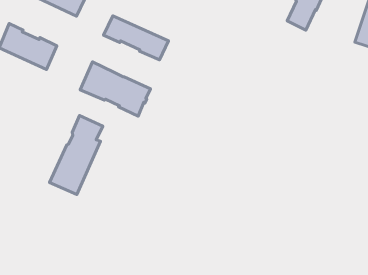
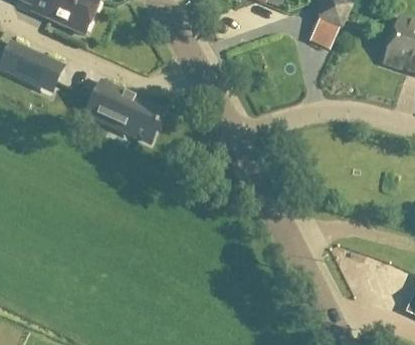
building: [103,16,168,60] -> none
building: [49,116,103,194] -> none

